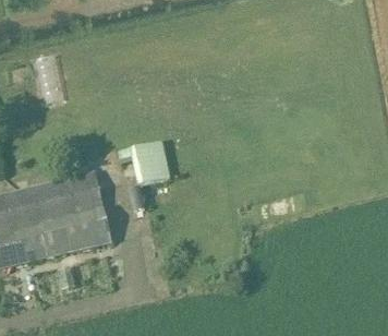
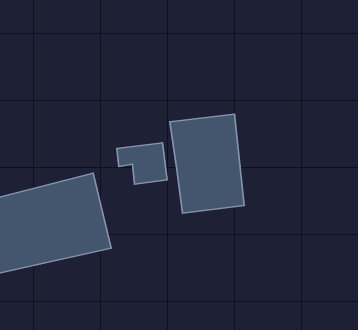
building: none -> [170,114,244,213]

